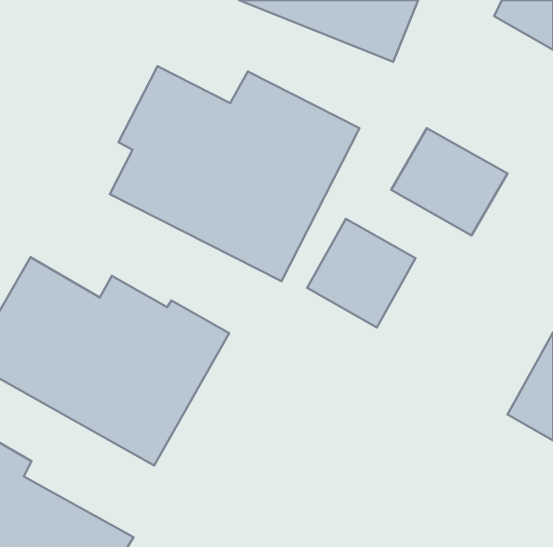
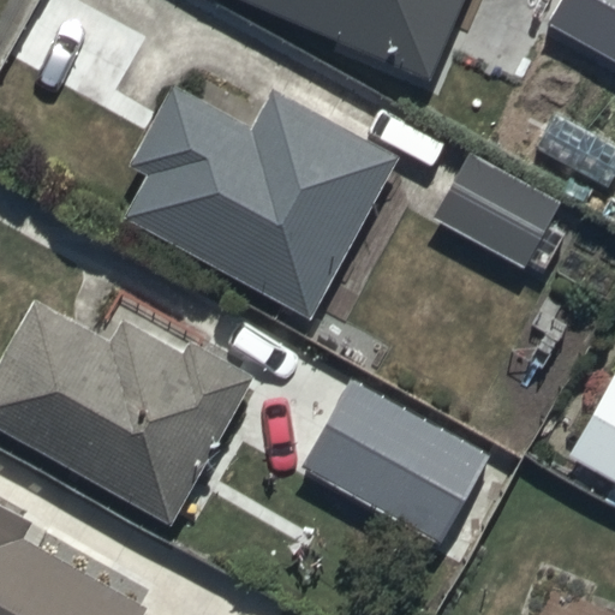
building: [307,219,415,327] -> none
building: none -> [301,380,519,562]

